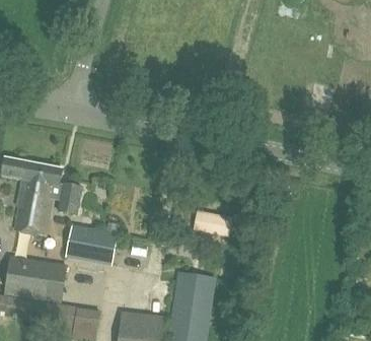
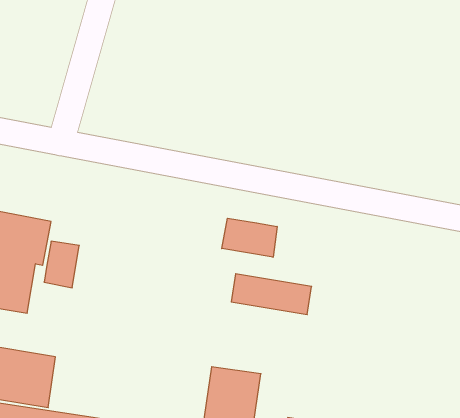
building: none -> [222,218,277,257]
building: [65,223,117,263] -> none

